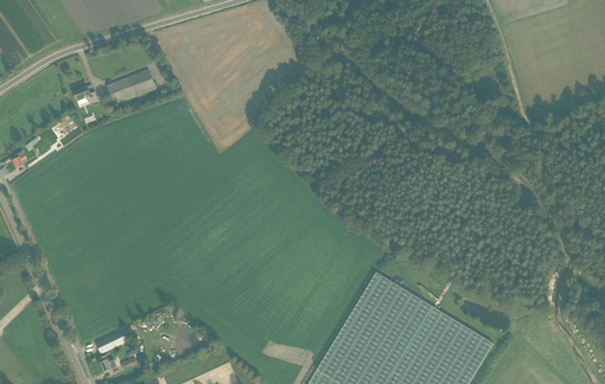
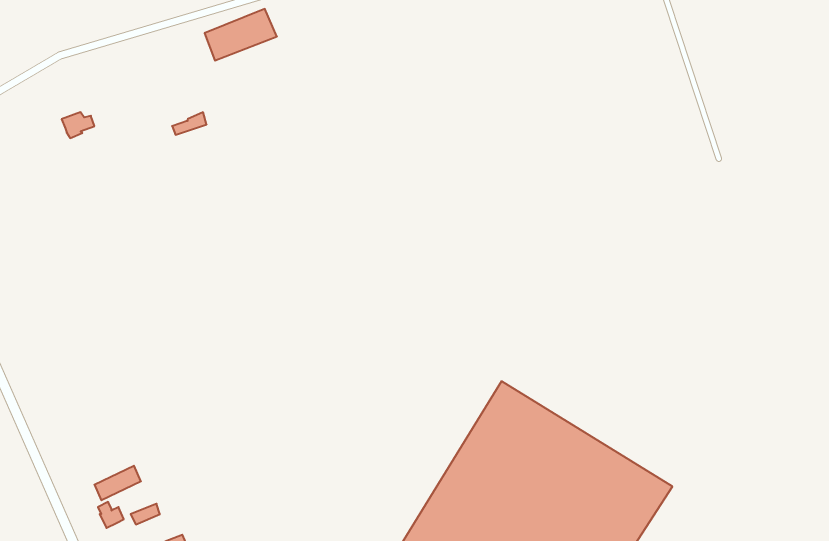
building: [107,70,157,105] -> [205,9,277,61]

